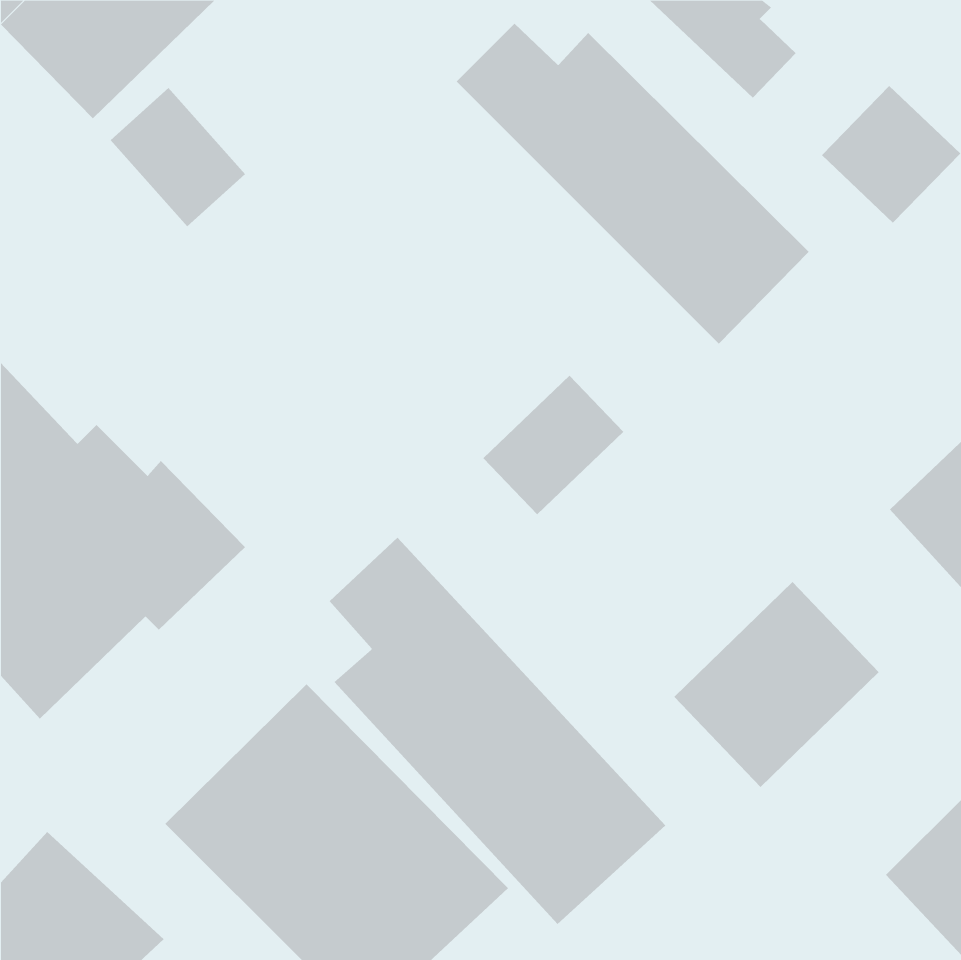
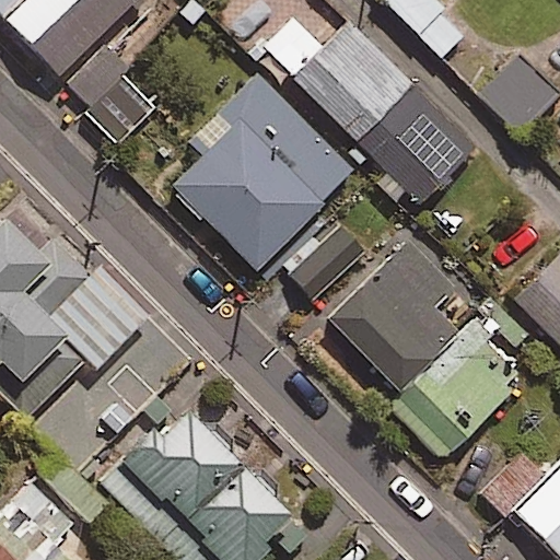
building: none -> [172,77,353,269]
building: none -> [329,242,476,388]
building: [329,537,666,925] -> none

